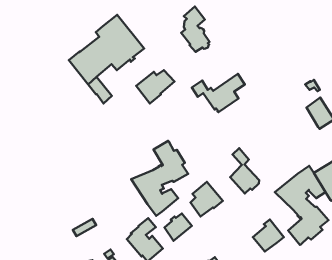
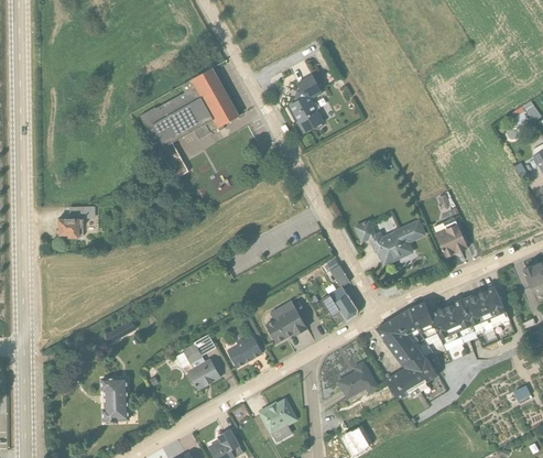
building: [136,70,174,104] -> none
building: [192,74,245,112] -> [356,219,424,264]
building: none -> [57,206,94,237]
building: [131,141,188,216] -> none

